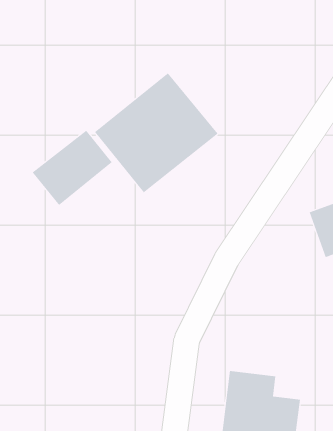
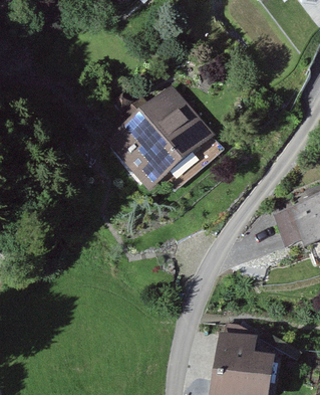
building: [32,130,112,206] -> none

